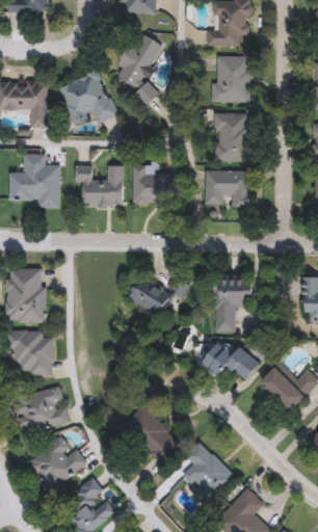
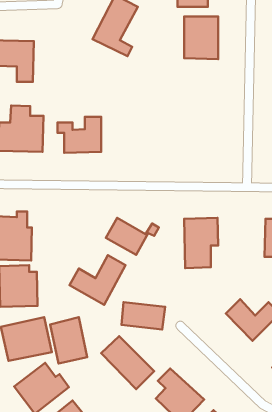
building: [60,70,116,122] -> none
building: [214,112,249,160] -> none
building: [132,165,176,203] -> none
building: [205,170,248,206] -> none
building: none -> [70,255,126,305]
building: [207,346,255,376] -> [122,302,165,330]
building: none -> [50,317,87,363]

